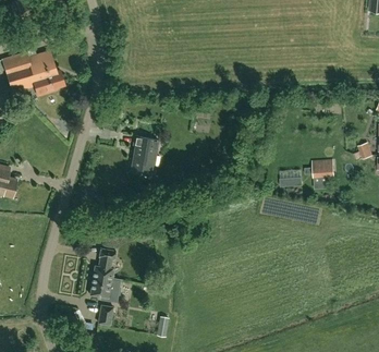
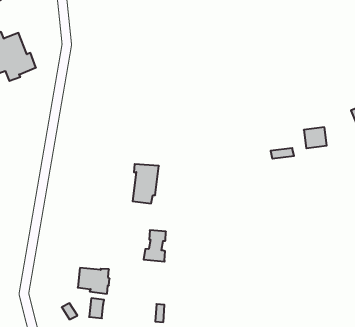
building: [131,136,158,174] -> [133,164,159,203]
building: [93,248,115,279] -> [144,230,166,262]

